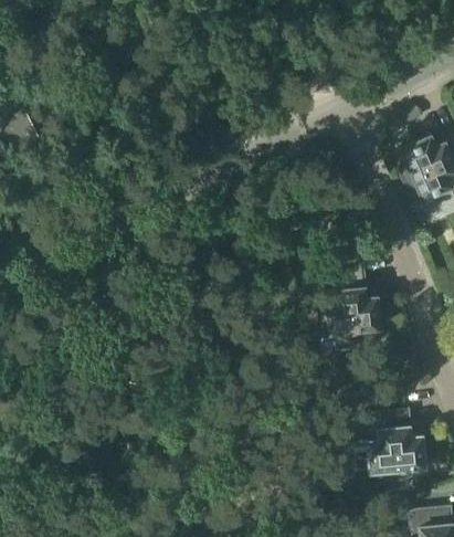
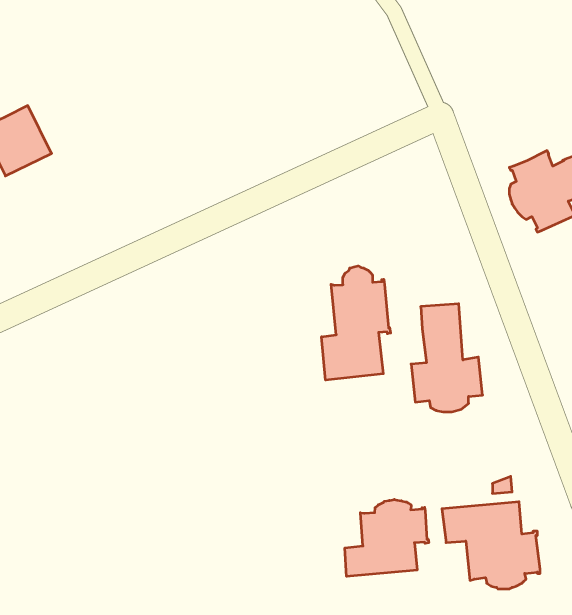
building: none -> [322,266,391,380]
building: none -> [345,499,429,576]

